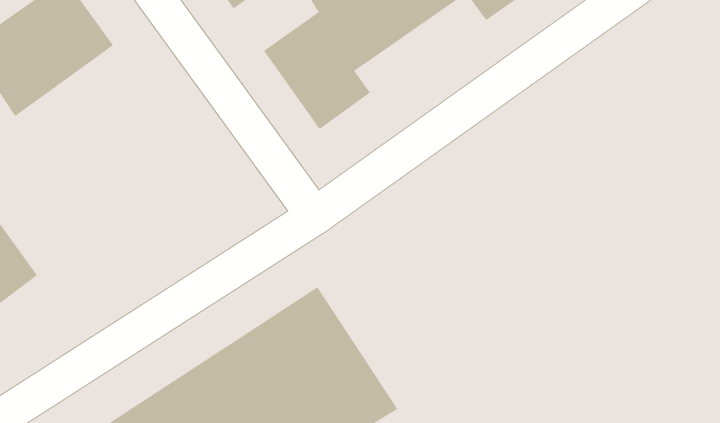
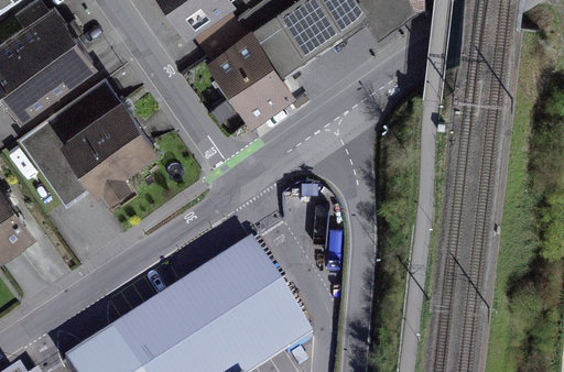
building: none -> [20,81,153,205]

